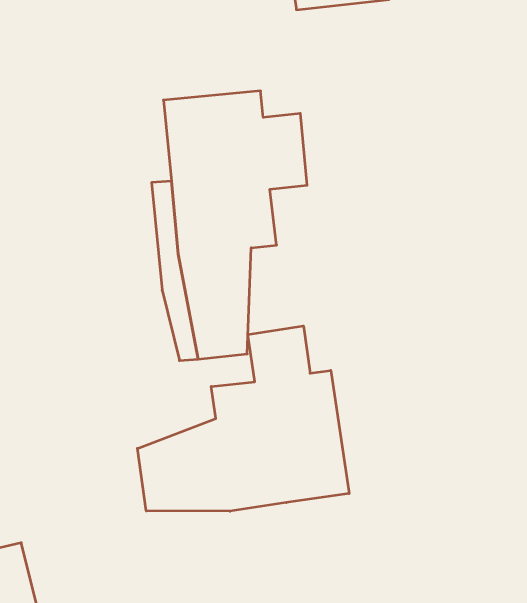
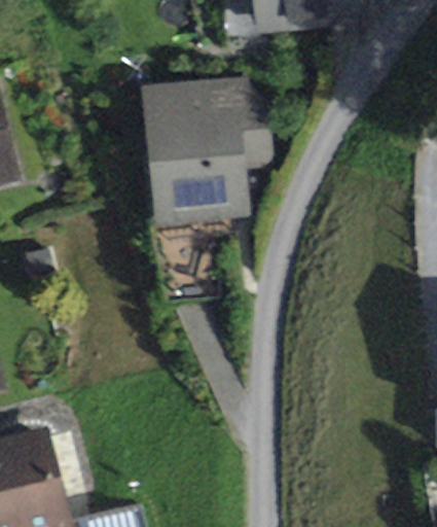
building: [137,326,349,511] -> none

